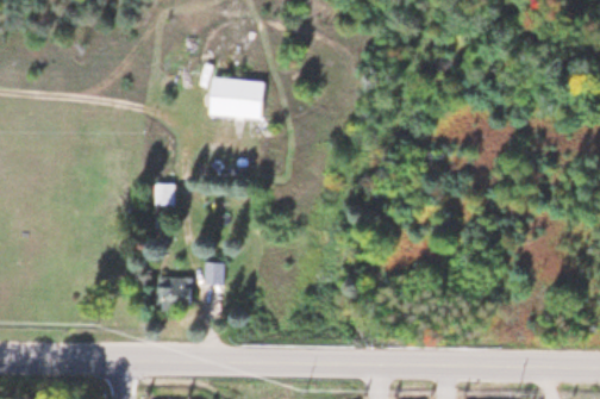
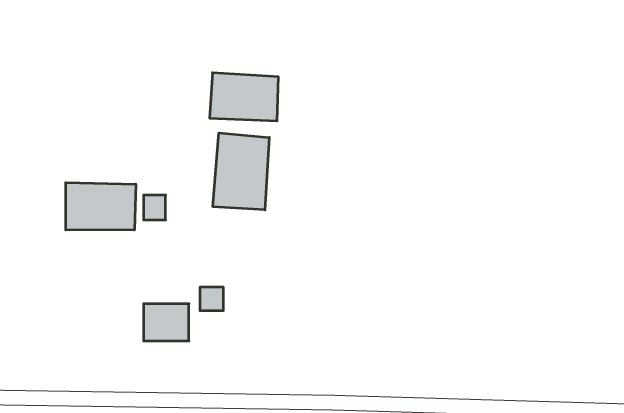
building: none -> [213,133,269,210]
building: none -> [66,183,136,230]

